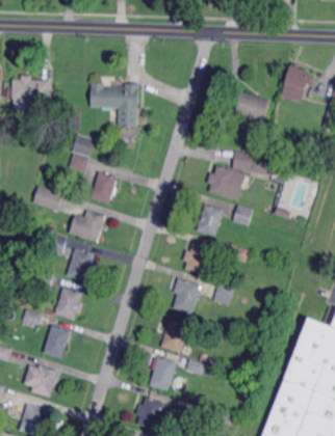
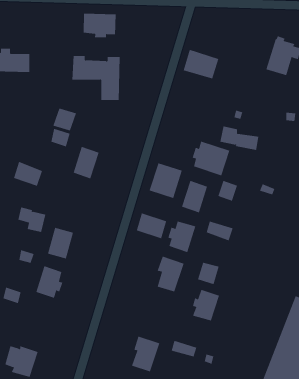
building: none -> [83,13,116,38]
building: [235,90,270,119] -> [183,49,219,79]
building: none -> [149,162,182,199]
building: [69,211,105,242] -> none
building: none -> [136,213,167,239]
building: [161,320,188,351] -> [192,289,220,321]
building: [44,324,70,357] -> none

